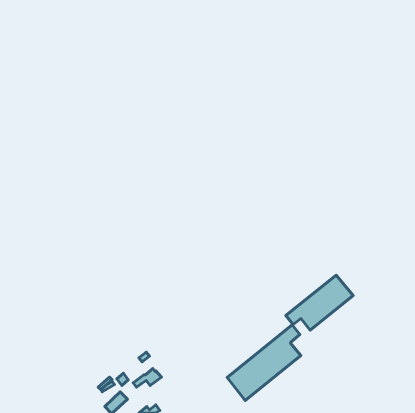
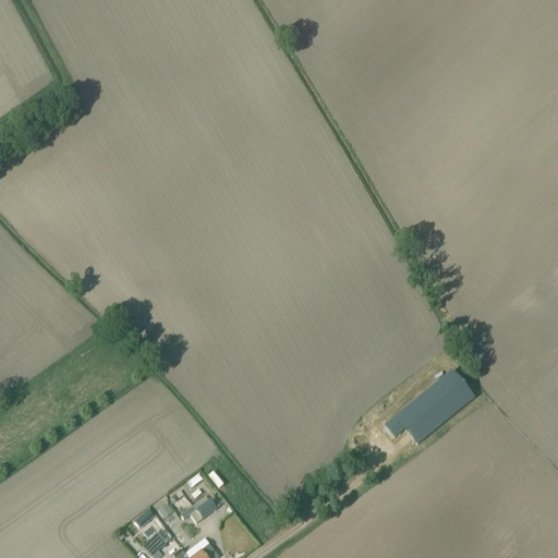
building: [227,325,301,401] -> none

